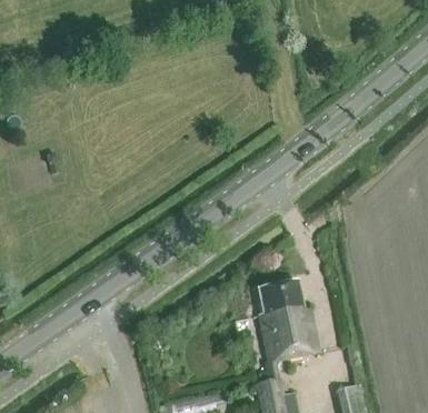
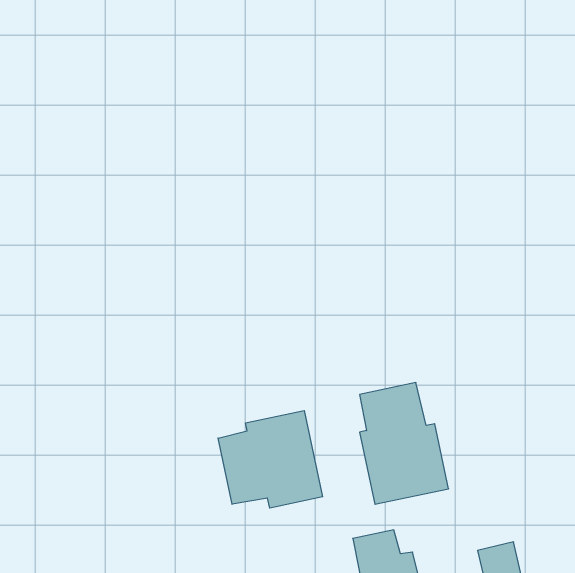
building: none -> [218,411,323,508]

